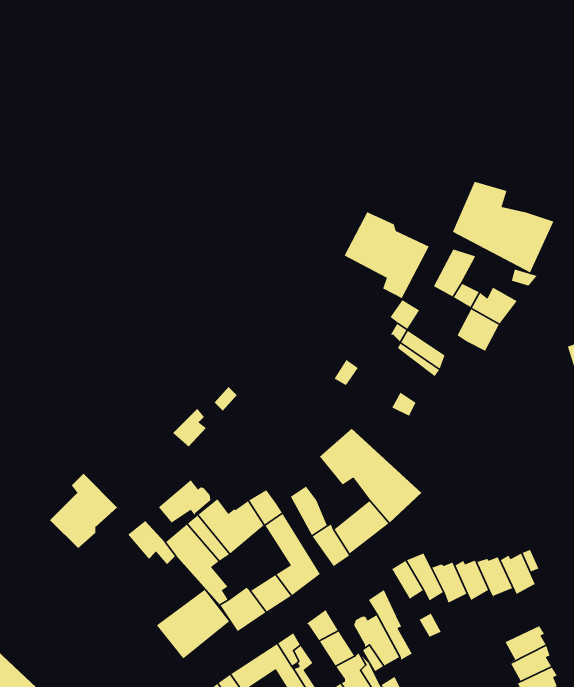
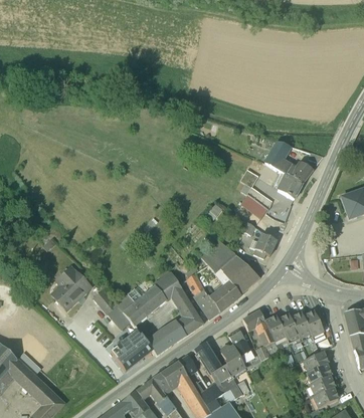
building: [452,181,555,273] -> none
building: [343,211,430,299] -> none
building: none -> [250,233,277,259]
building: [158,479,211,524] -> none

